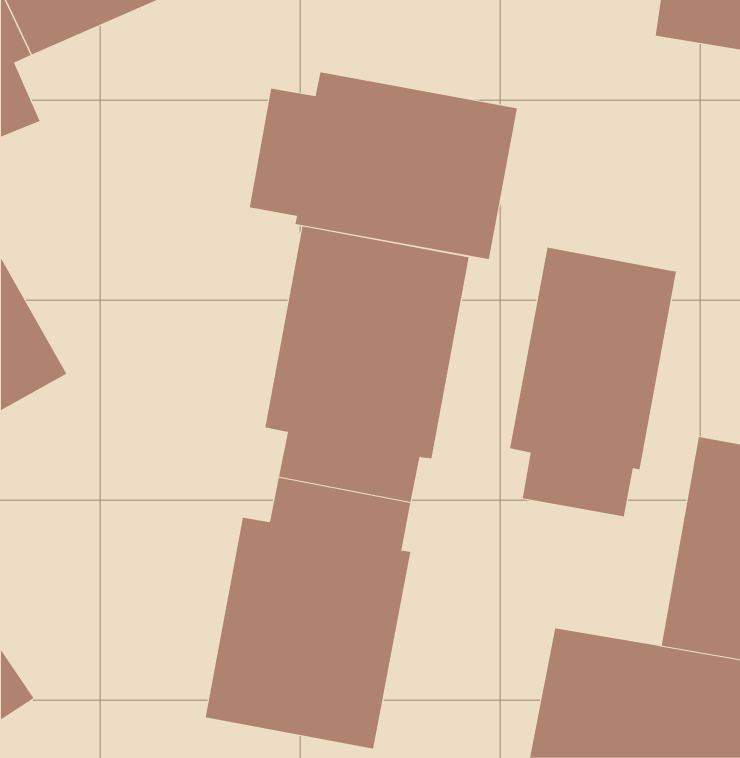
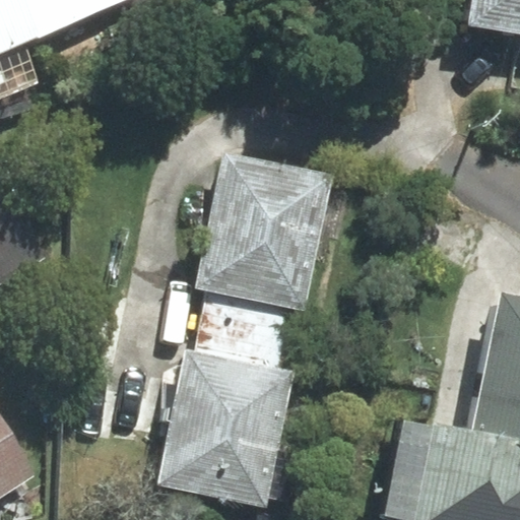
building: [249,71,517,260] -> none
building: [510,247,676,517] -> none

